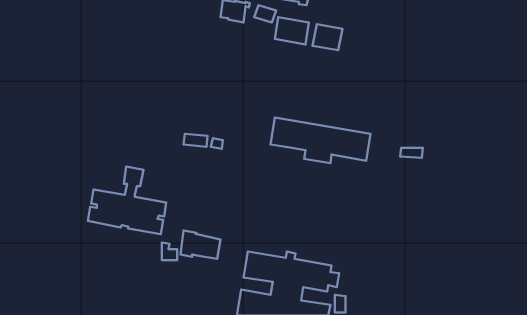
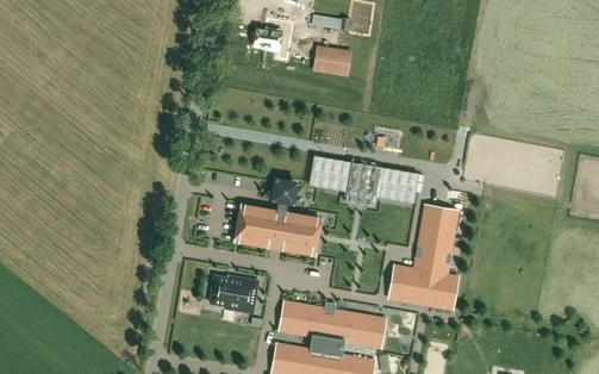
building: [313,24,343,50] -> none
building: none -> [397,205,458,310]
building: [88,166,166,234] -> [235,181,320,255]

